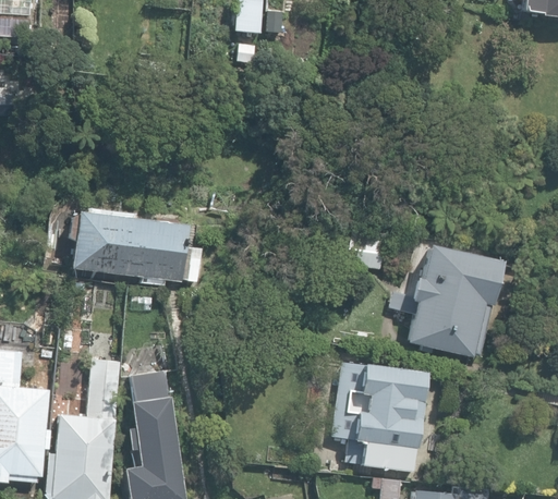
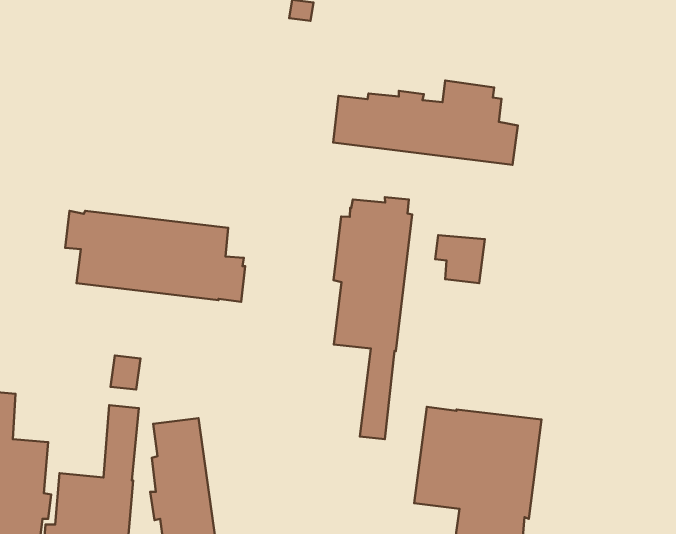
building: none -> [333,81,518,165]
building: none -> [333,197,412,439]
building: [389,244,504,357] -> none

